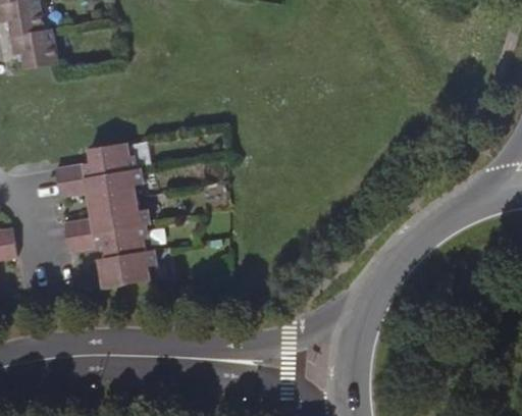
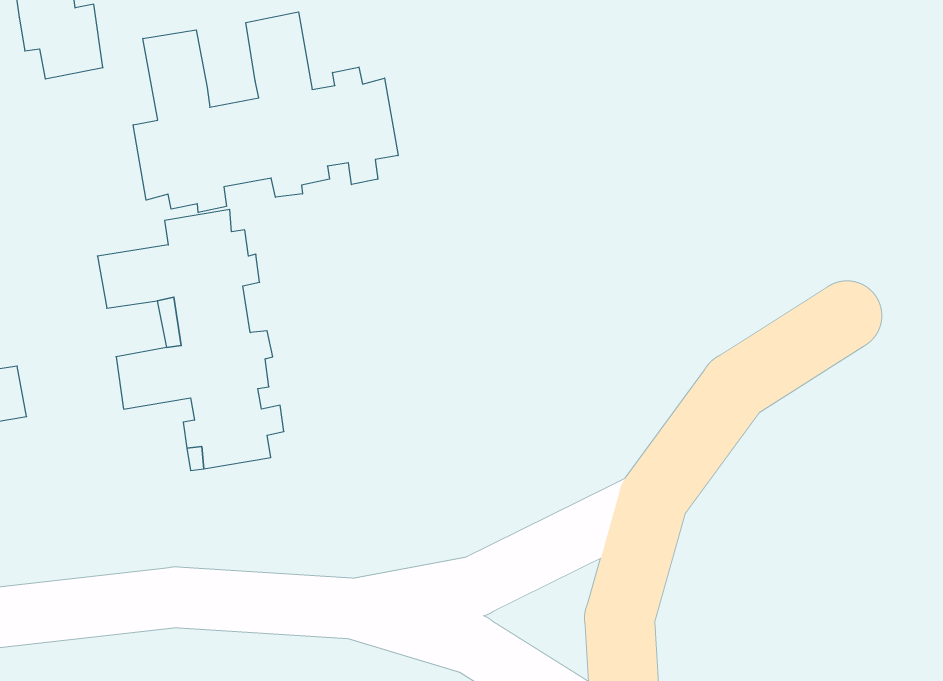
building: none -> [133,12,398,213]

